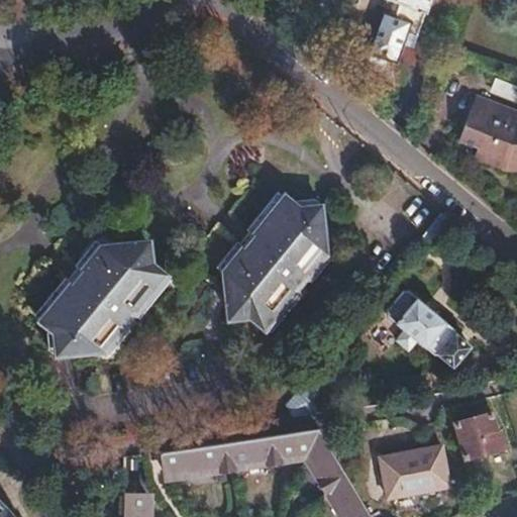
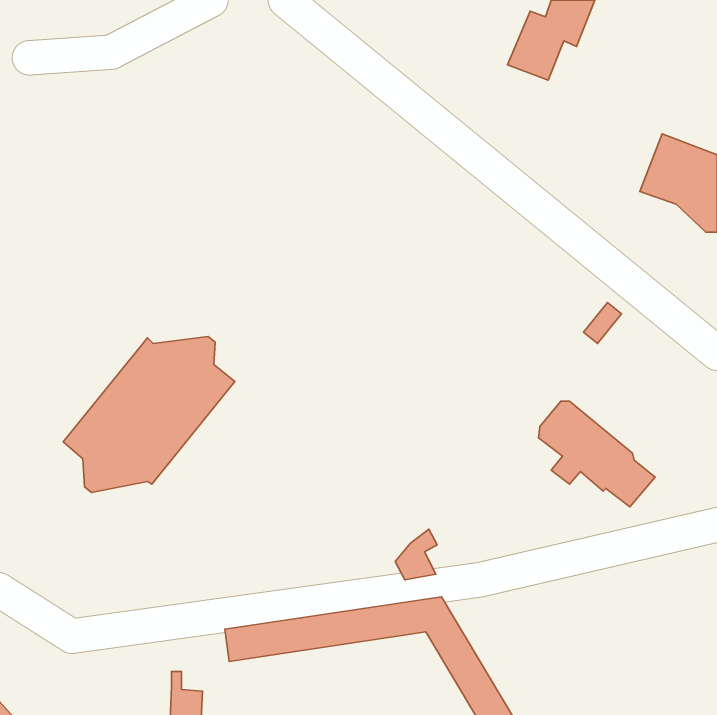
building: [223,198,328,326] -> none
building: [454,416,501,461] -> none
building: [379,448,447,501] -> none

